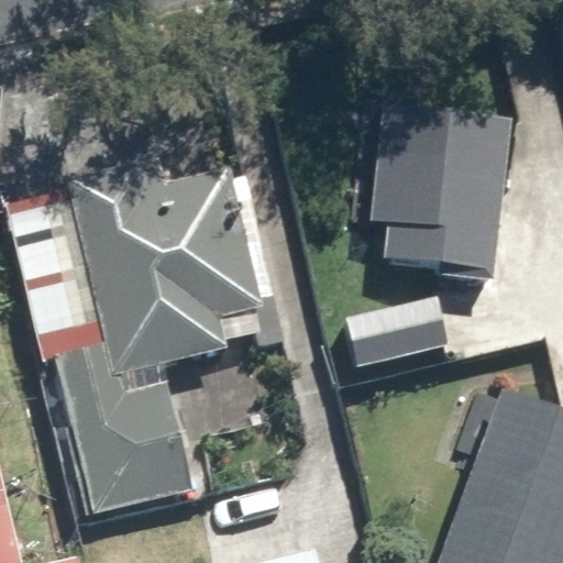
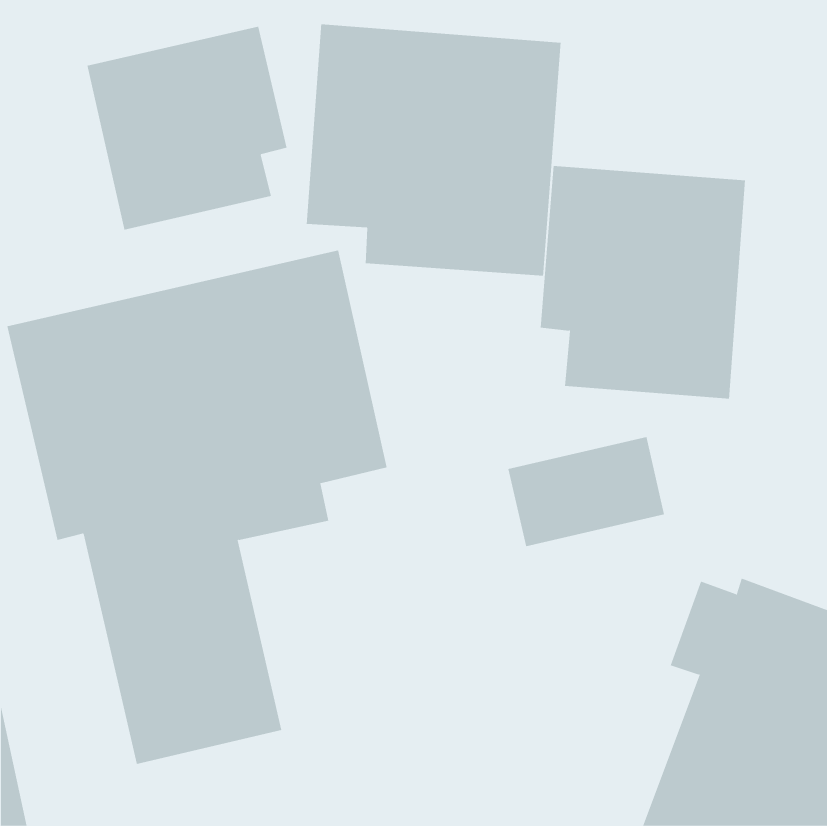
building: none -> [306,24,561,277]
building: none -> [87,26,287,230]

